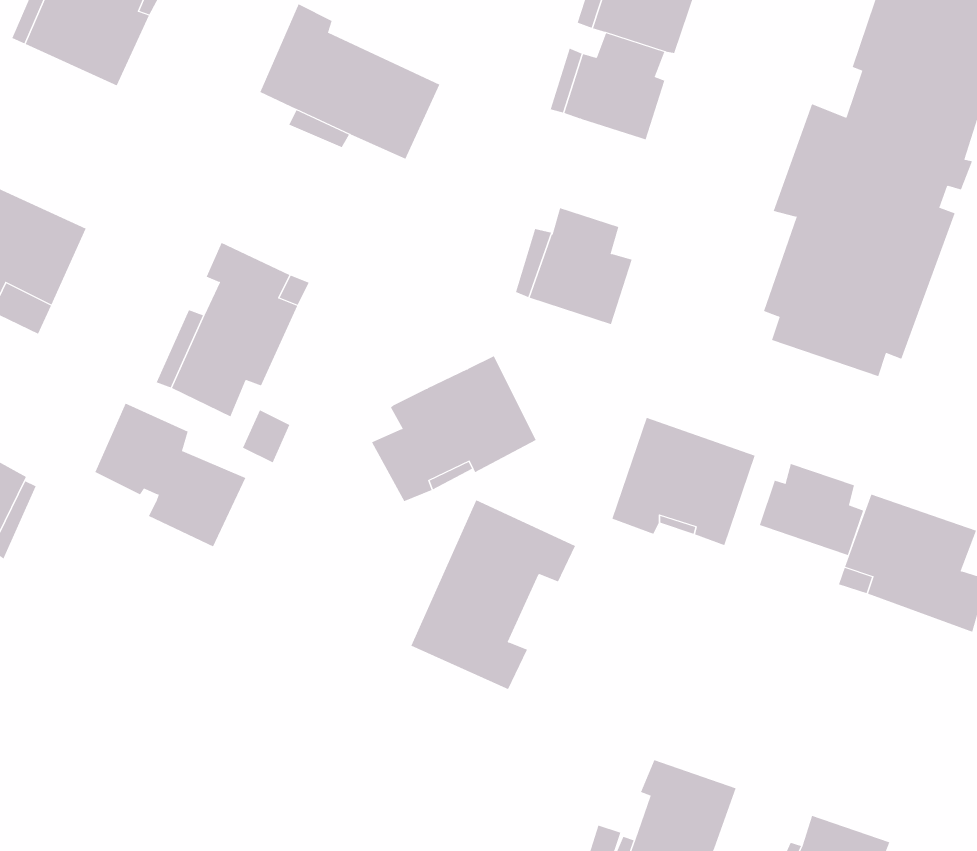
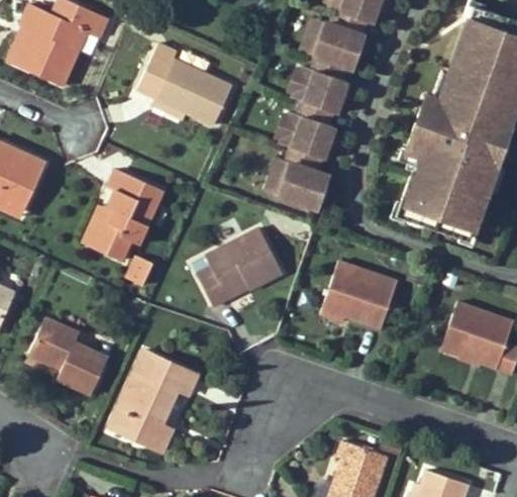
building: none -> [285,104,338,162]
building: [94,403,246,547] -> [28,318,108,394]
building: [759,463,864,556] -> none
building: [410,500,576,690] -> [110,352,197,452]

